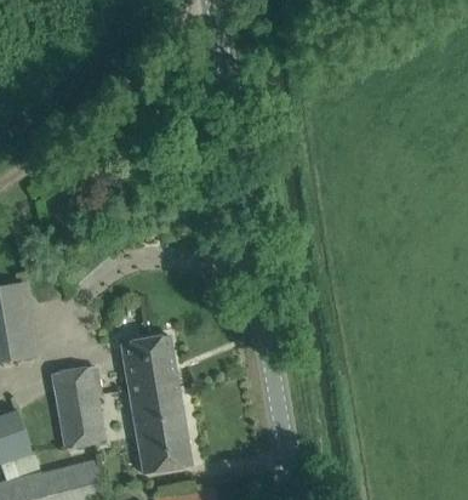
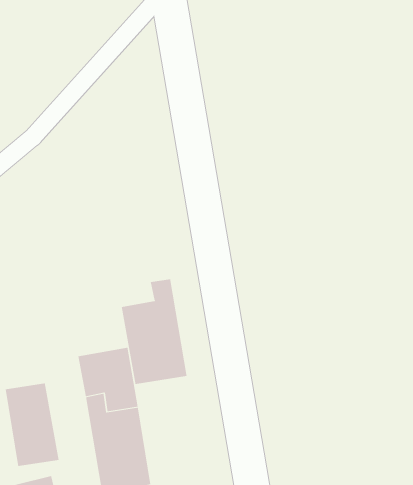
building: none -> [121,279,187,385]

